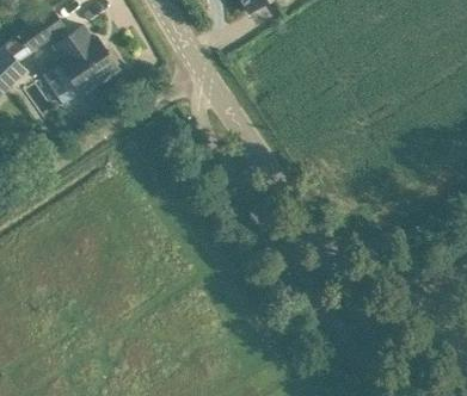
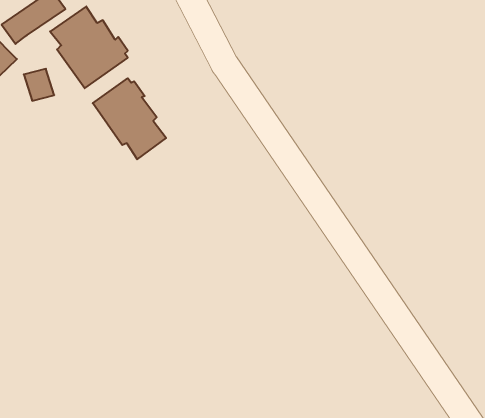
building: none -> [93,78,166,159]

